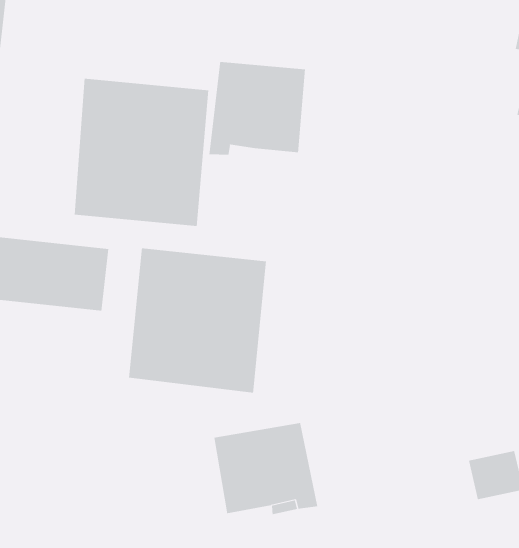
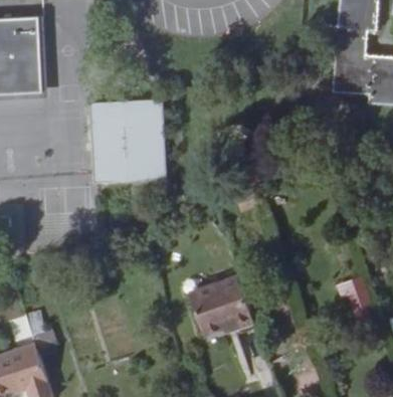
building: [209,61,306,156] -> none
building: [128,248,266,393] -> none

